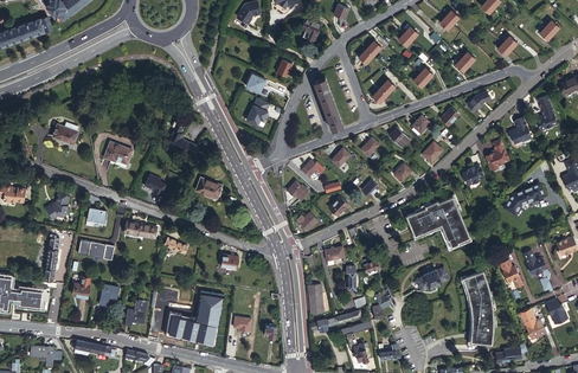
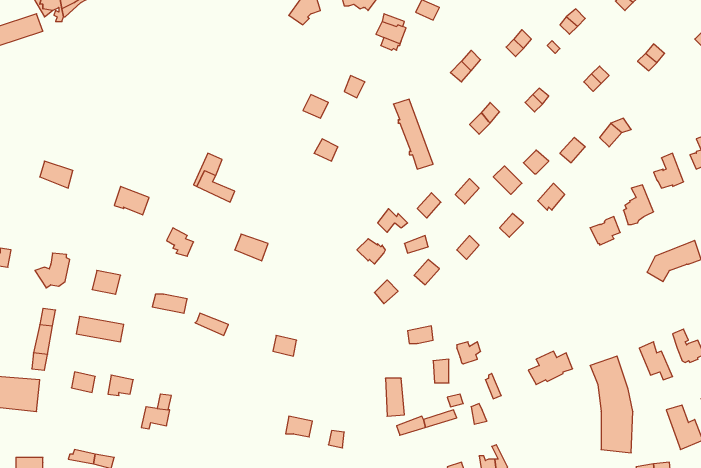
building: [403,197,469,247] -> none
building: [163,291,224,346] -> none

